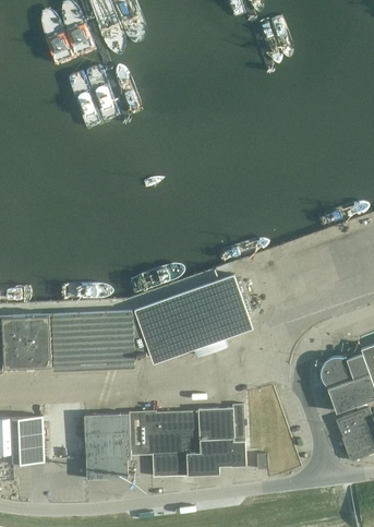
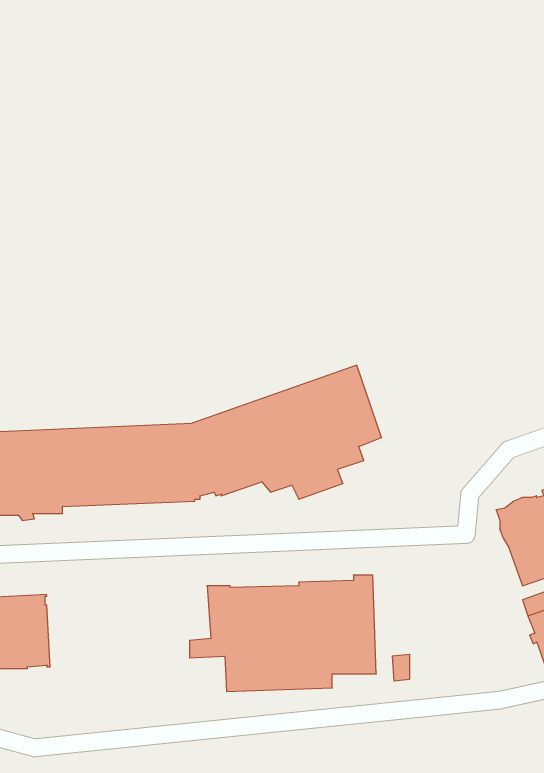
building: [84,412,131,479] -> none

